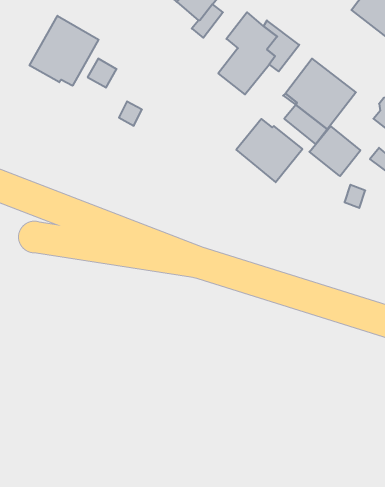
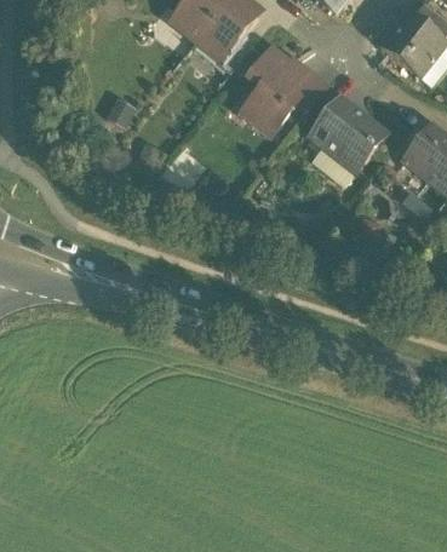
building: [30,16,99,86] -> none
building: [236,119,302,182] -> none
building: [309,126,360,176] -> none

